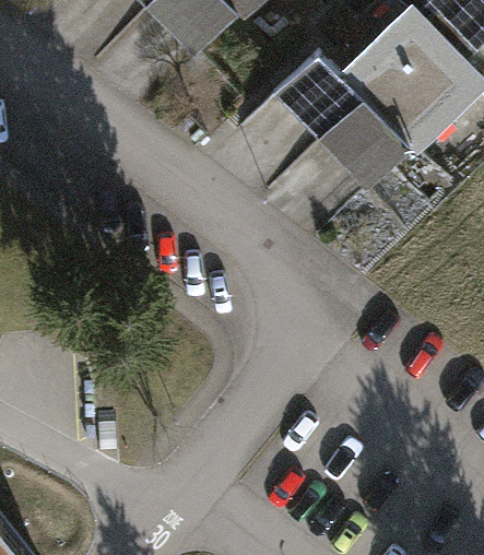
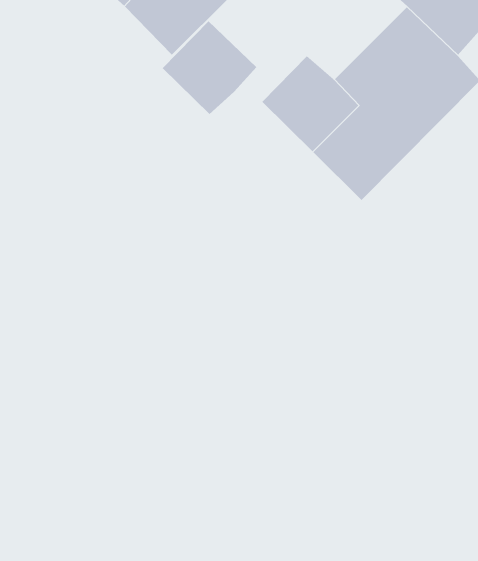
building: none -> [162,20,257,115]

